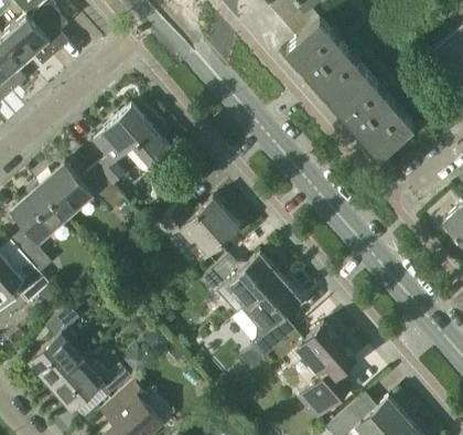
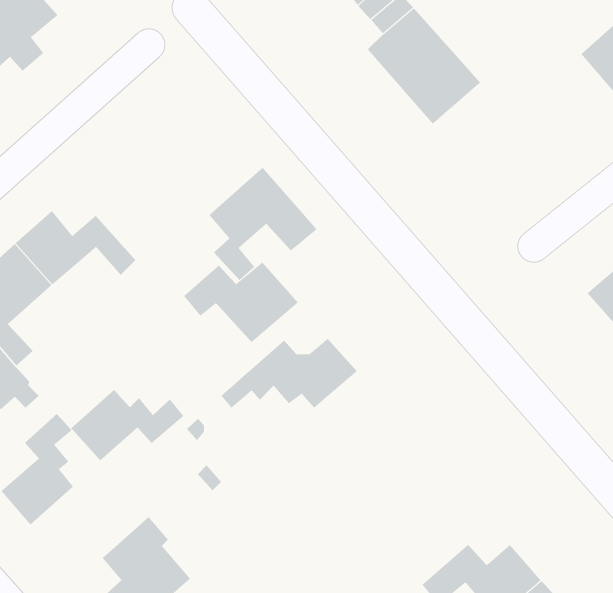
building: [333,73,414,157] -> none
building: [91,105,169,185] -> [208,167,317,281]
building: [241,277,301,359] -> none
building: [297,326,355,414] -> none
building: [49,359,129,410] -> [70,389,184,461]

